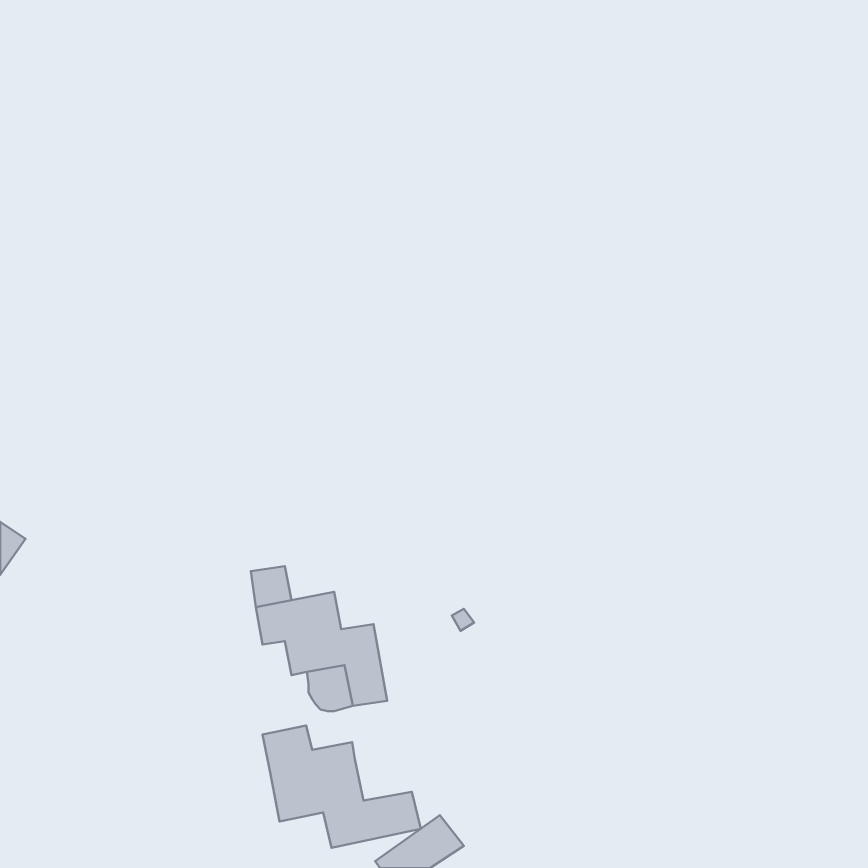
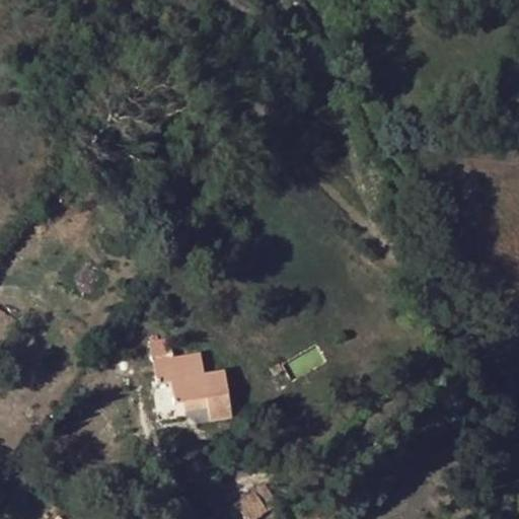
building: [263,726,421,848] -> none

